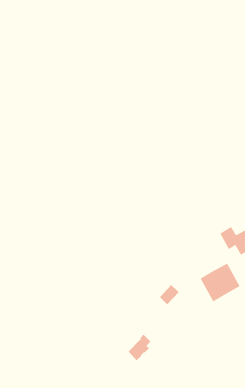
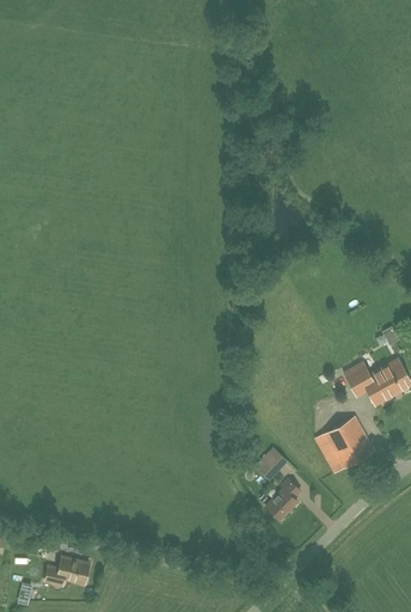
building: [128,333,151,361] -> [265,479,300,520]
building: none -> [43,556,88,587]

